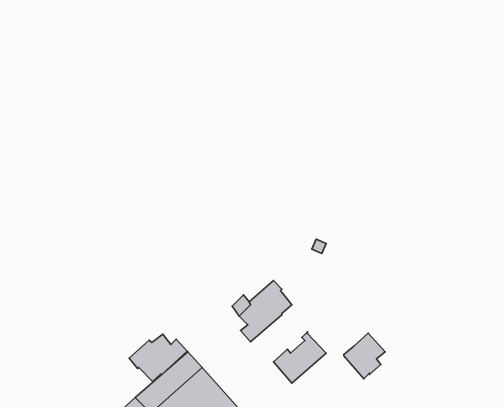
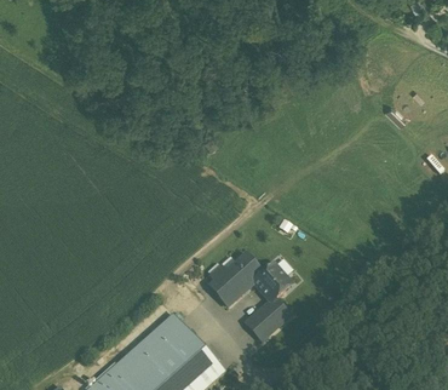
building: [344,333,385,379] -> [252,263,287,302]
building: [129,334,187,382] -> none

